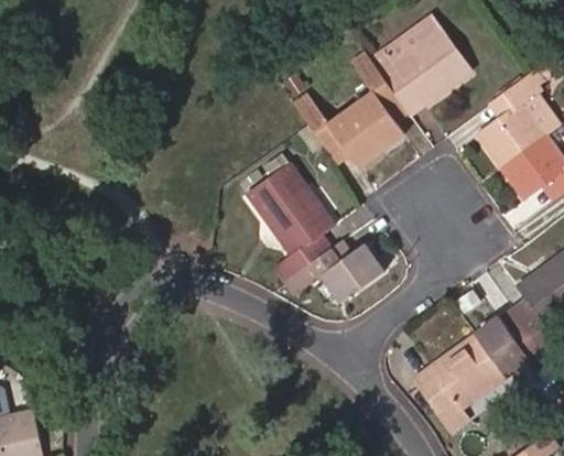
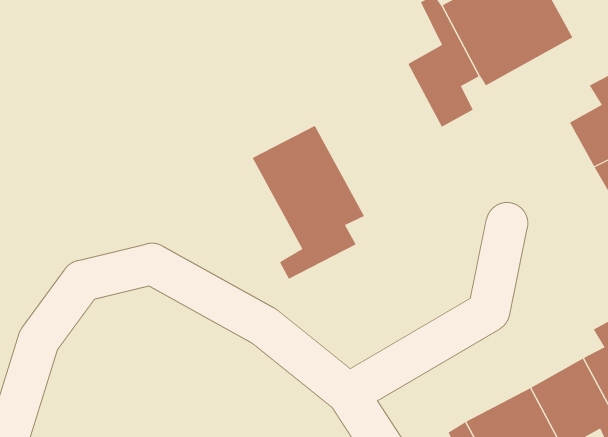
building: [295,95,382,166] -> none
building: [281,243,386,303] -> none

